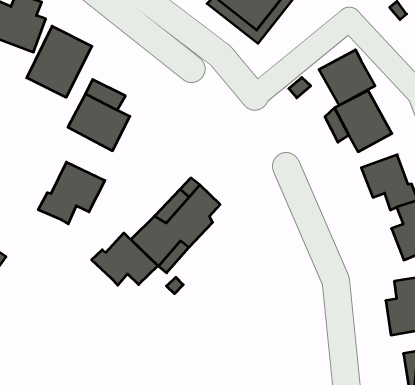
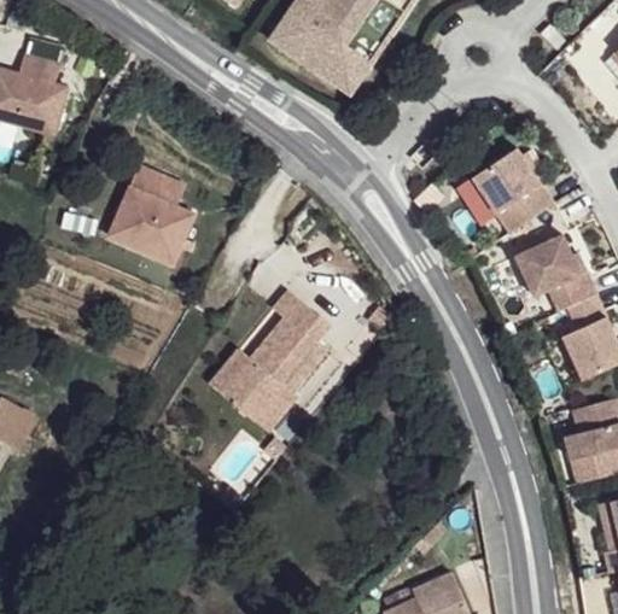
building: [27,26,92,97] -> none
building: [319,50,375,105] -> none
building: [38,162,105,224] -> none
building: [92,233,158,285] -> none

